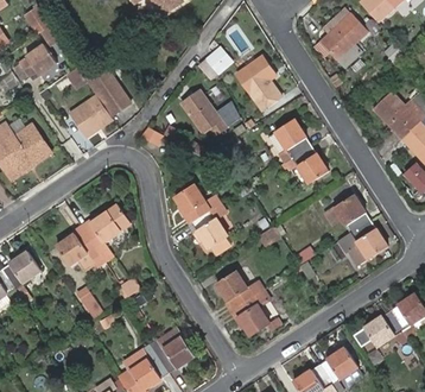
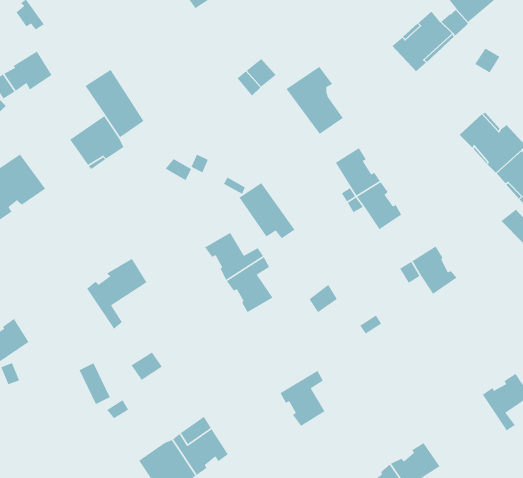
building: [183,90,227,134] -> [239,182,295,239]
building: [338,220,388,259] -> none
building: [56,228,104,265] -> none
building: [217,271,262,309] -> none
building: [364,310,408,346] -> none

